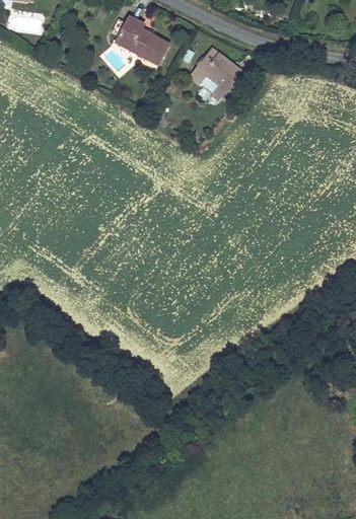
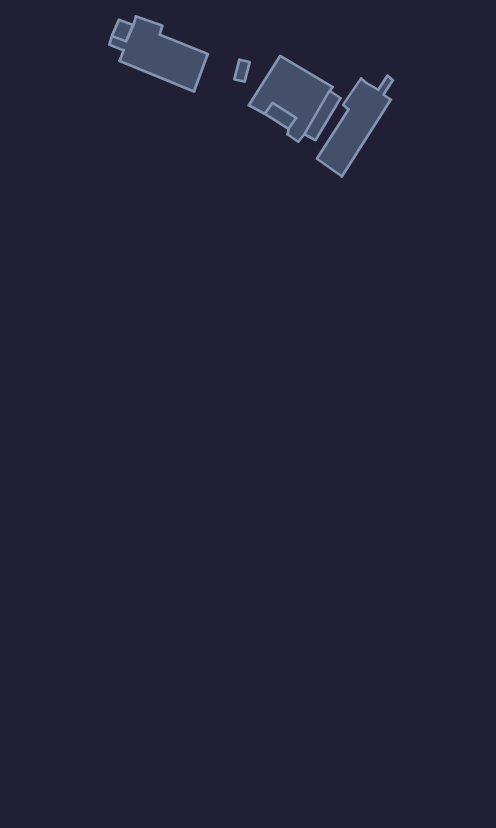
building: none -> [317,76,393,177]

